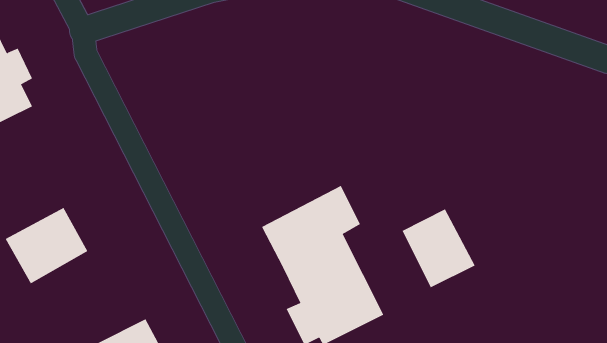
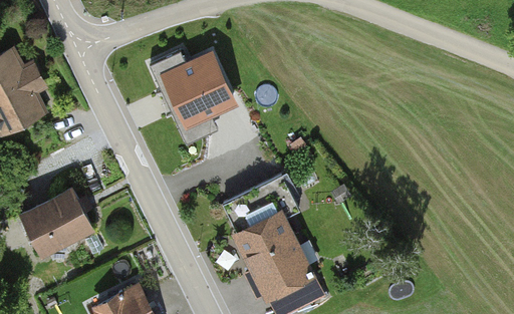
building: none -> [152,46,237,138]
building: [402,208,475,288] -> none

